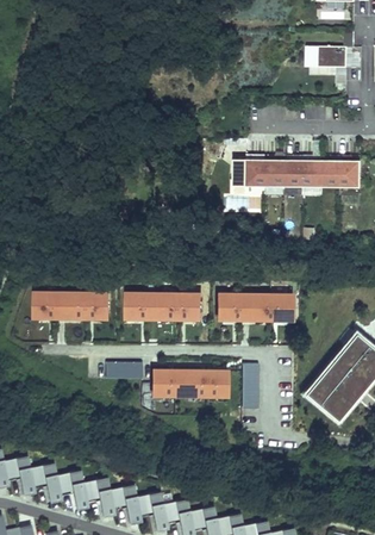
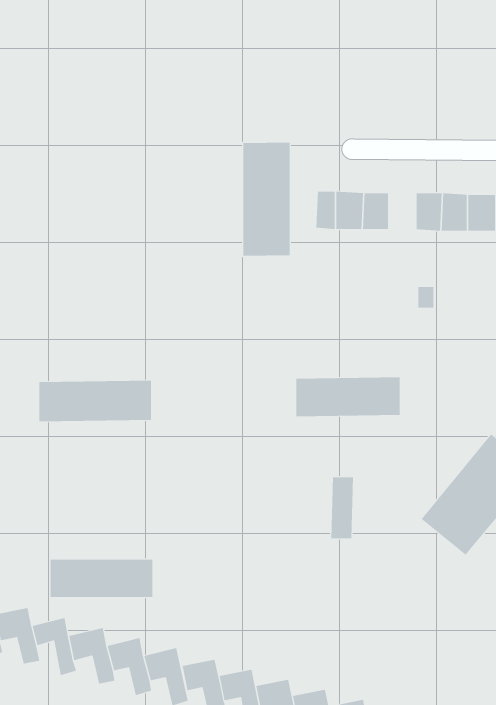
building: [310,45,346,66] -> none
building: none -> [243,142,290,257]
building: [285,160,304,186] -> none
building: [124,292,204,322] -> none
building: [107,361,143,378] -> none
building: [154,371,227,398] -> [50,559,153,598]

